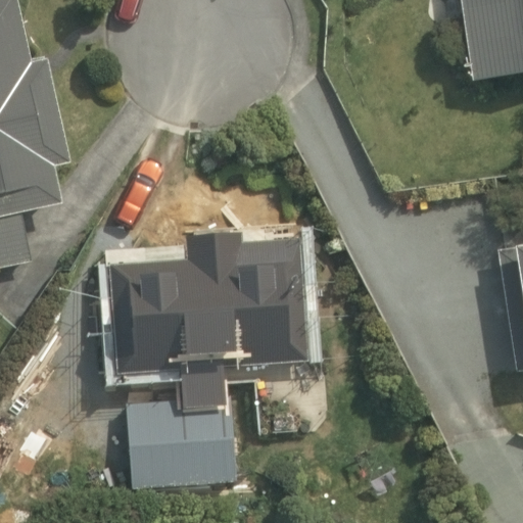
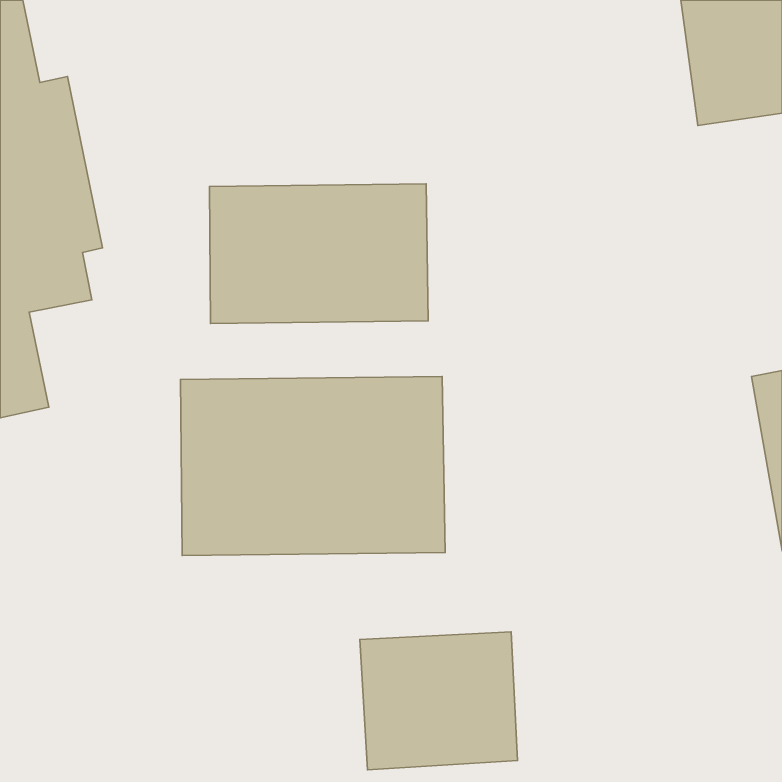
building: none -> [210,184,428,323]
building: [124,391,229,483] -> [360,632,517,770]

